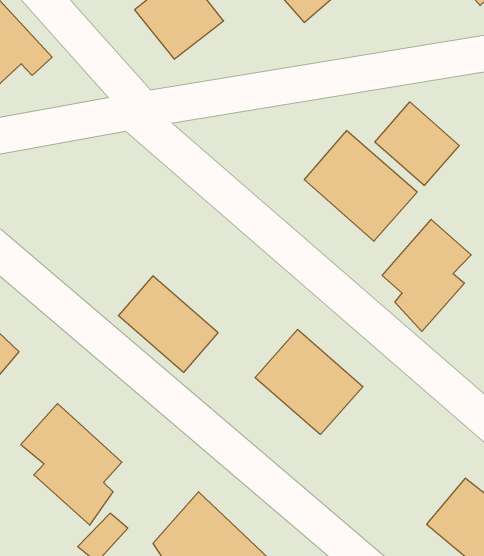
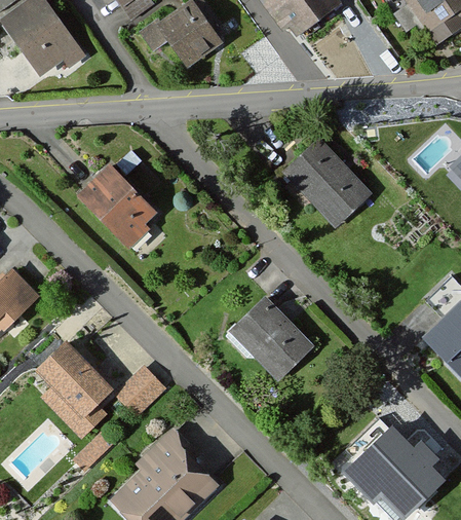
building: [375,102,459,186] -> none
building: [382,219,471,331] -> none
building: [118,276,218,372] -> [78,162,158,244]
building: none -> [113,363,166,416]

